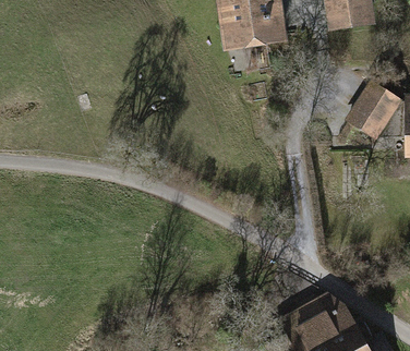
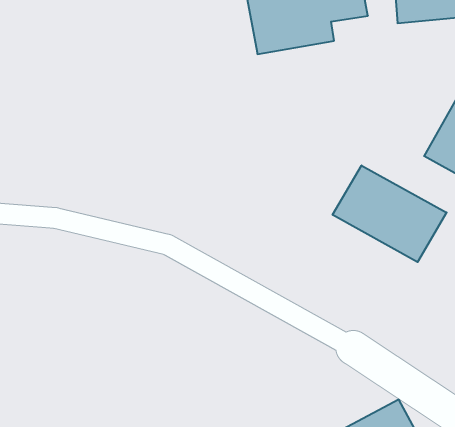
building: none -> [333,165,447,262]

